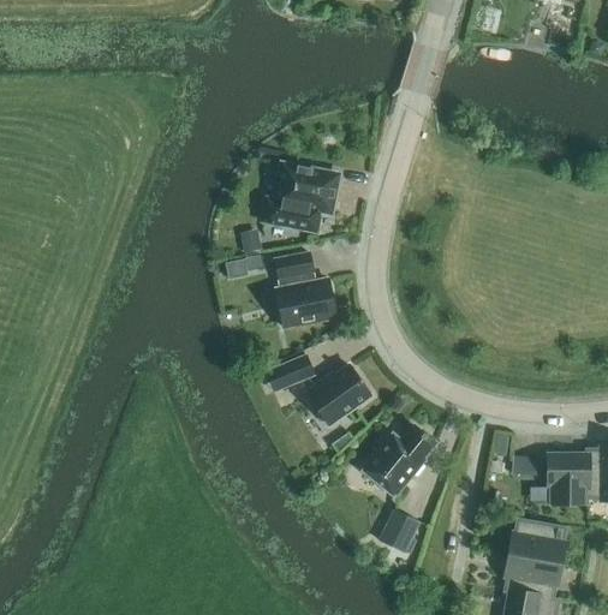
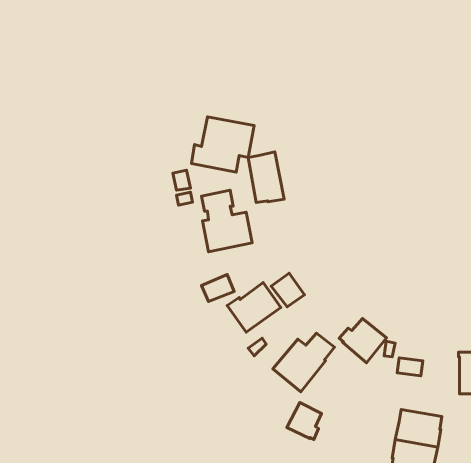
building: none -> [248,152,284,203]
building: none -> [271,273,305,307]
building: none -> [339,318,386,363]
building: [548,455,588,506] -> none

